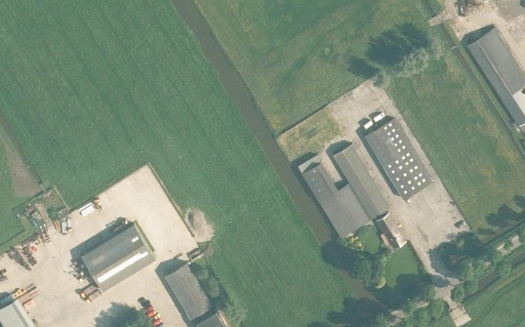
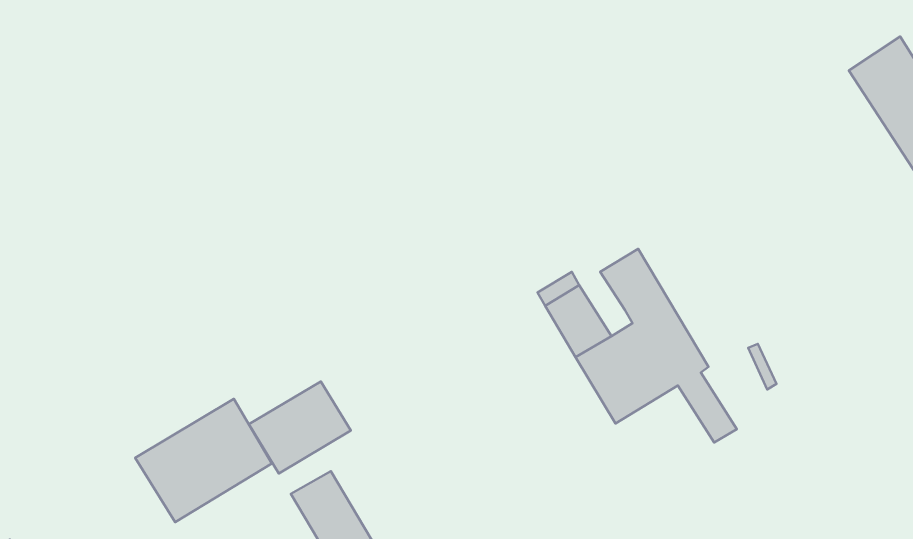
building: [365,119,432,200] -> none
building: none -> [249,381,351,473]

